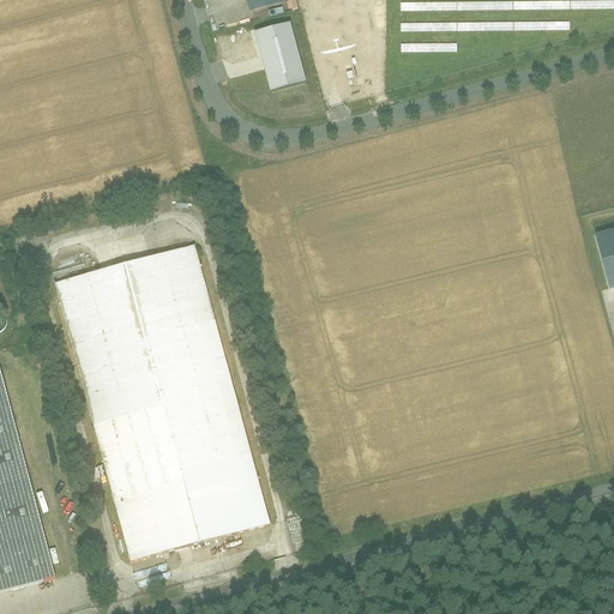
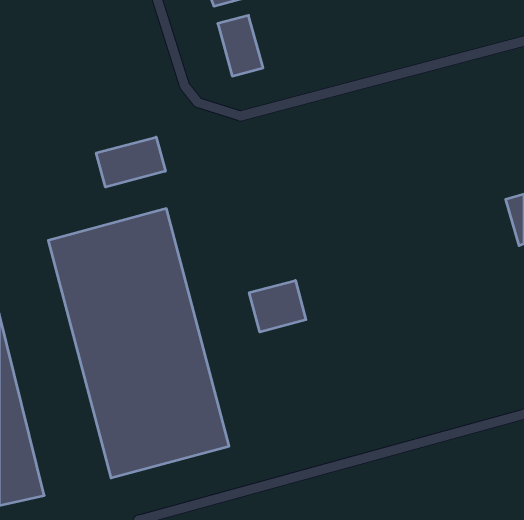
building: none -> [96,137,165,187]
building: none -> [249,280,306,332]

